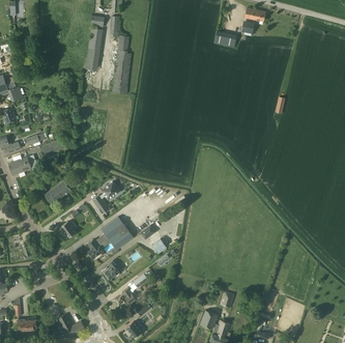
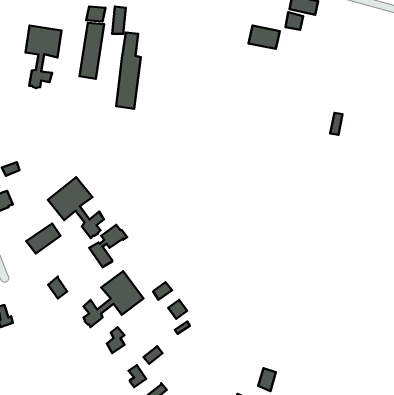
building: none -> [26,26,62,88]
building: none -> [48,177,104,238]

